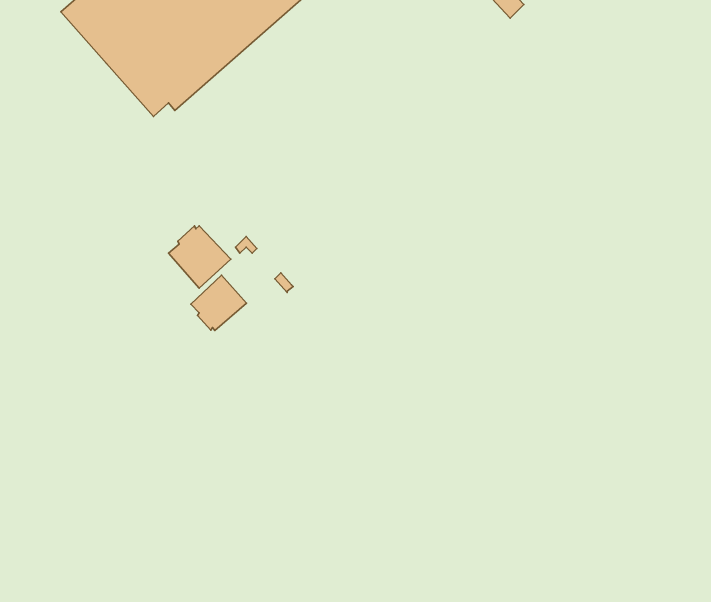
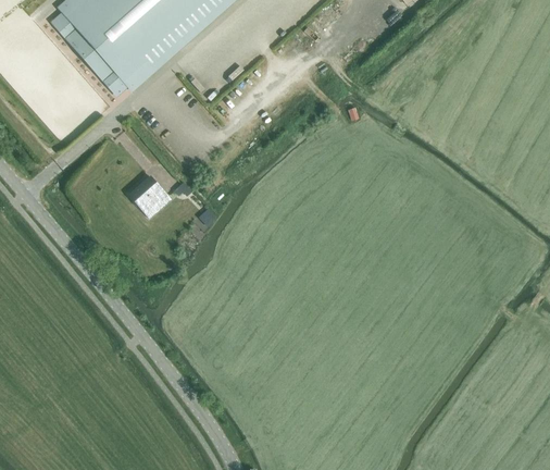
building: [191,275,247,330] -> none

